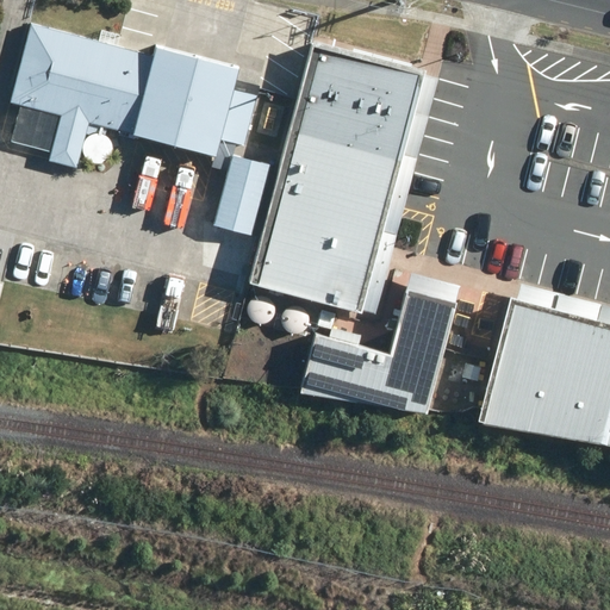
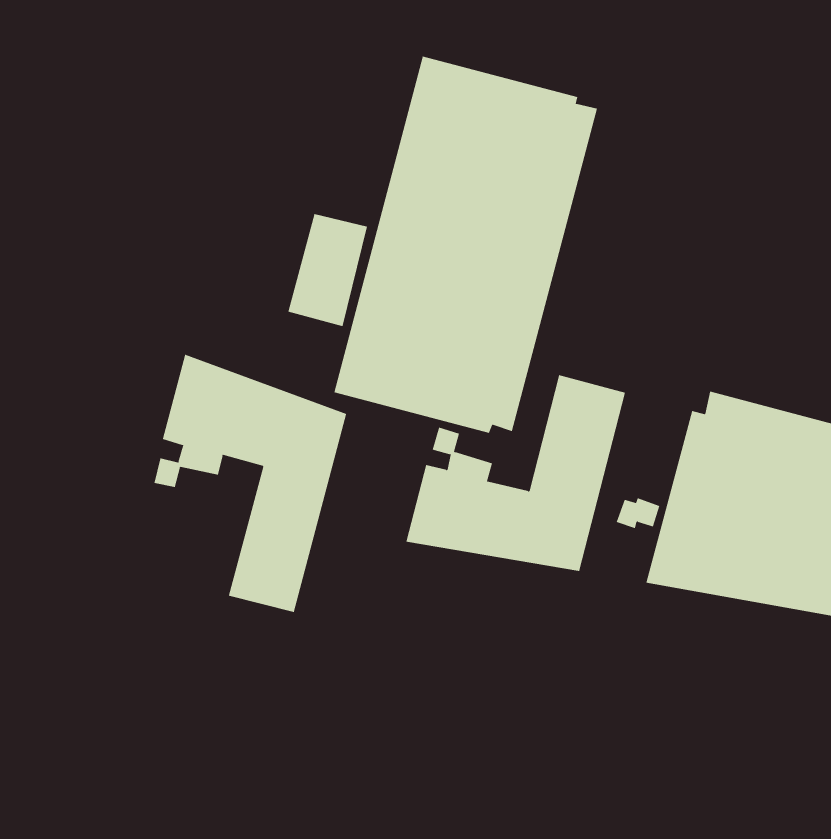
building: [11,24,262,168] -> none
building: none -> [154,354,347,613]

